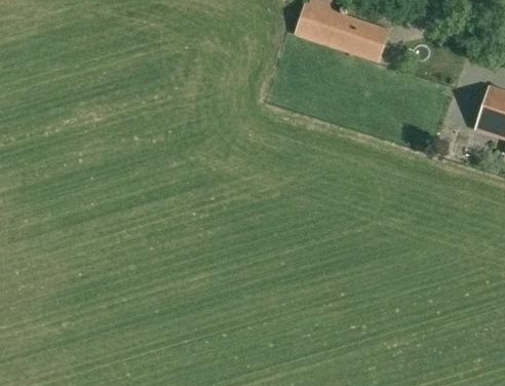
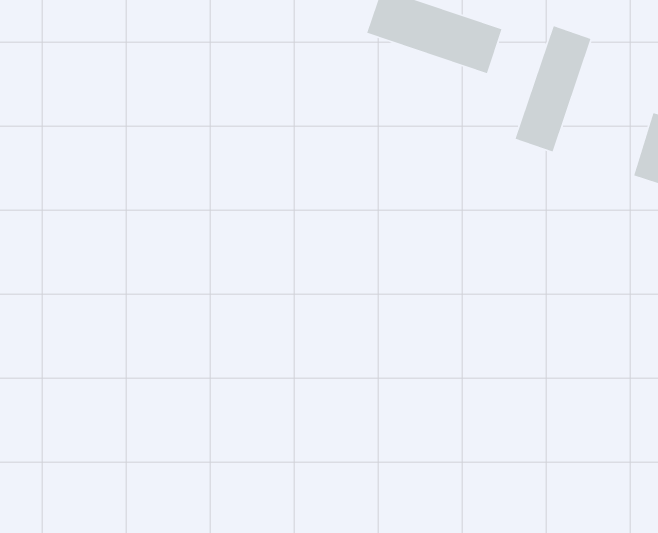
building: none -> [515,25,592,152]

